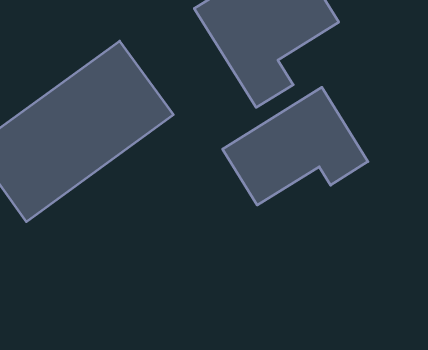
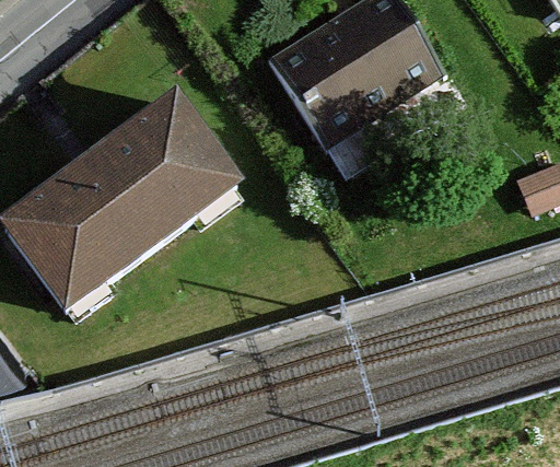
building: [223,87,368,205] -> none

